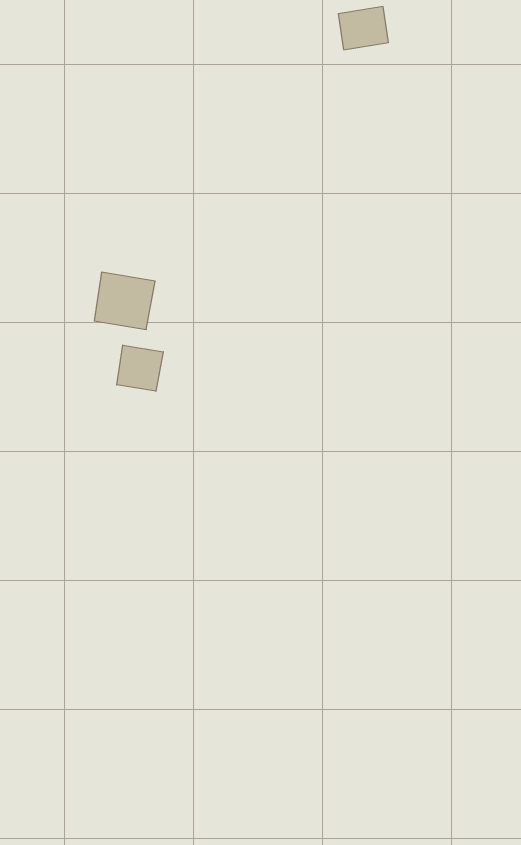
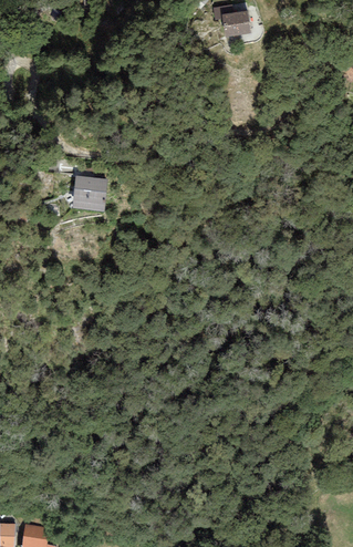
building: [117,345,163,391] -> none

